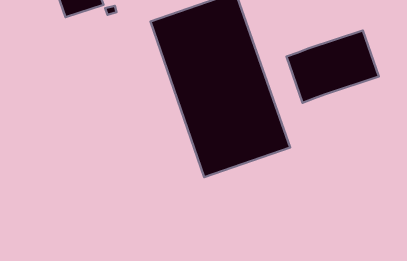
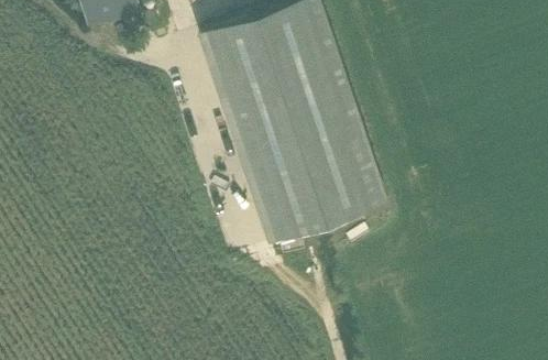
building: [287,30,379,103] -> none

